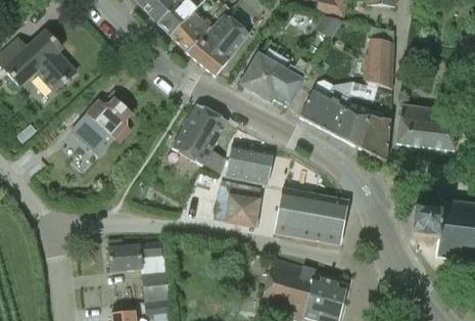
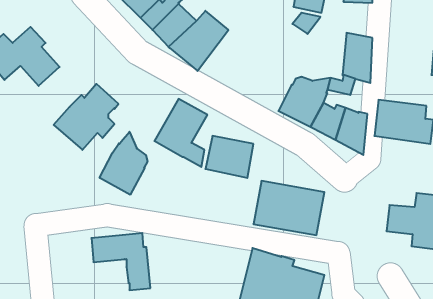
building: [242,55,305,106] -> none
building: none -> [100,132,147,195]
building: [213,178,262,229] -> none

